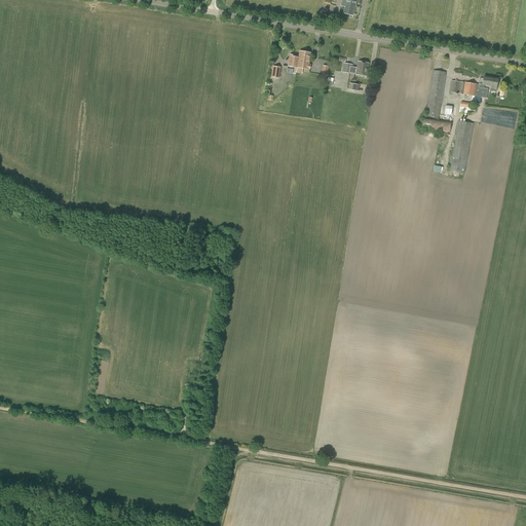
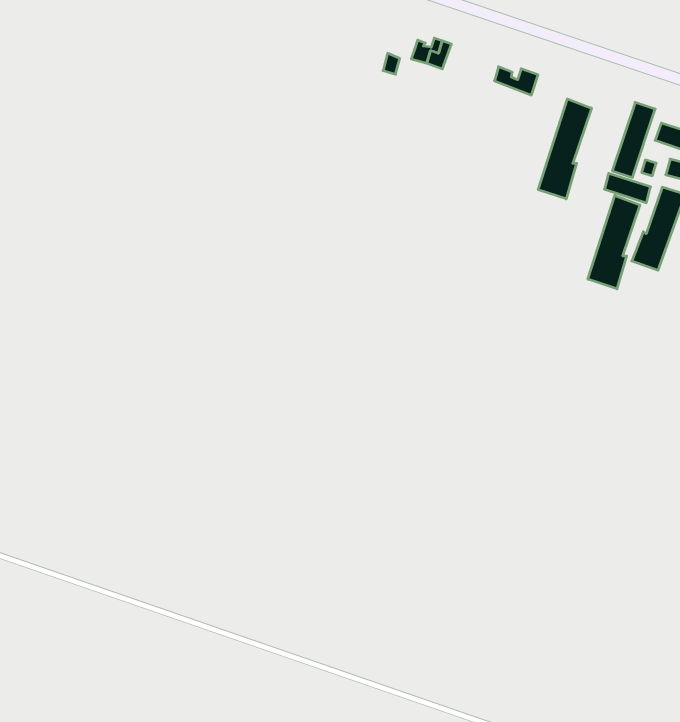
building: none -> [538,99,591,199]
building: none -> [588,195,640,289]

